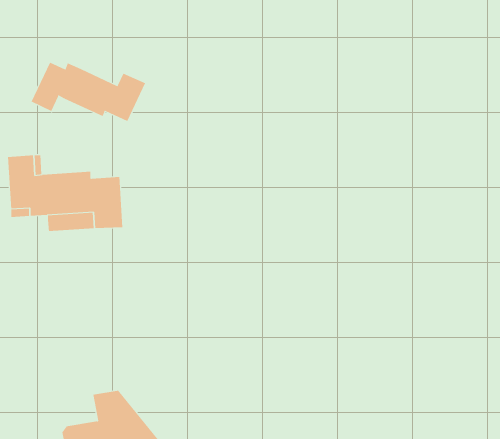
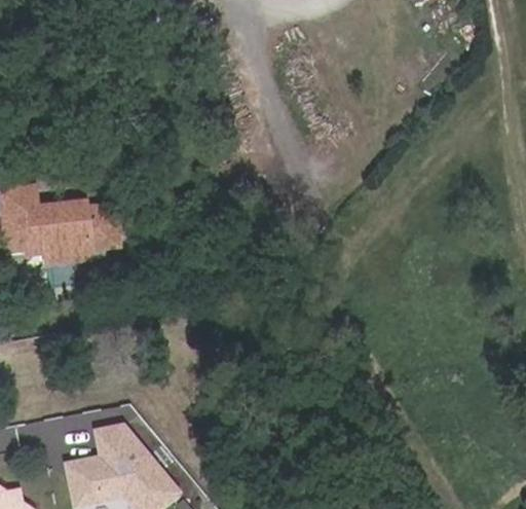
building: [31,62,146,122] -> none

